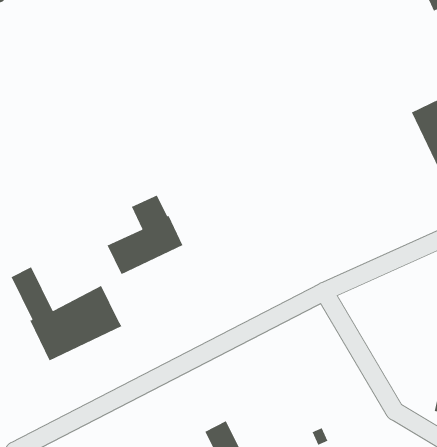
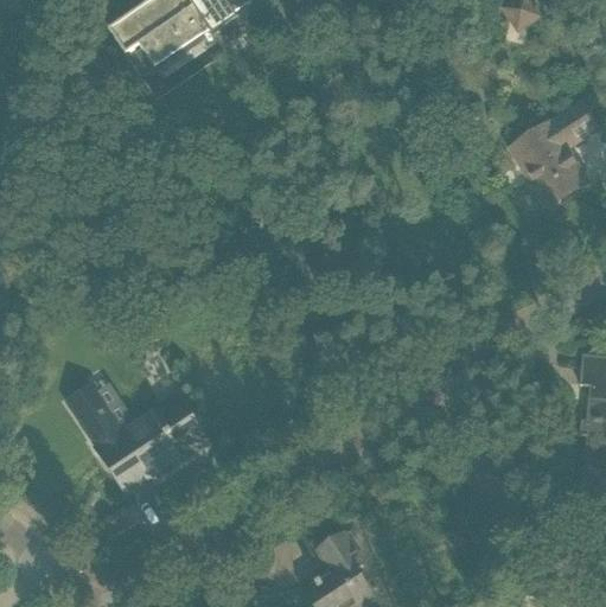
building: [107,194,184,275] -> none

